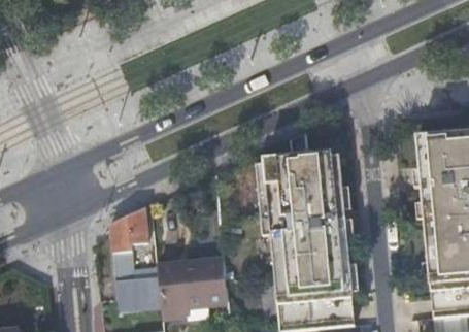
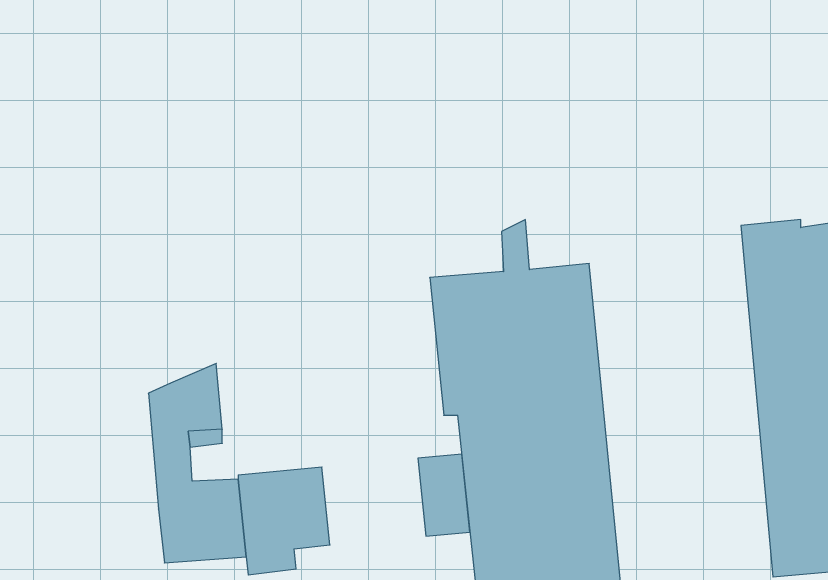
building: [200,259,227,301] -> [418,454,470,536]

